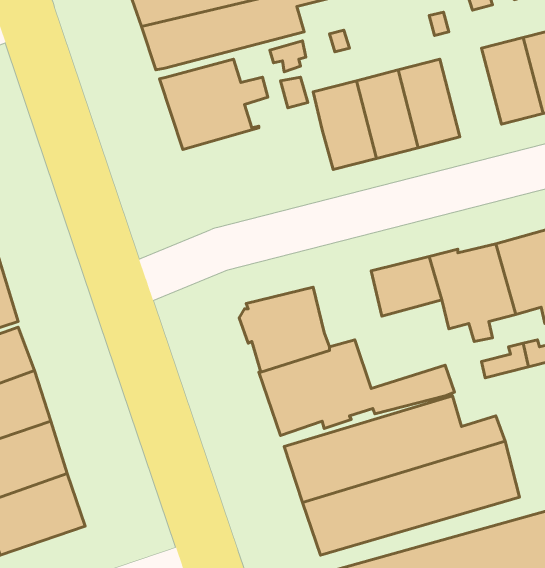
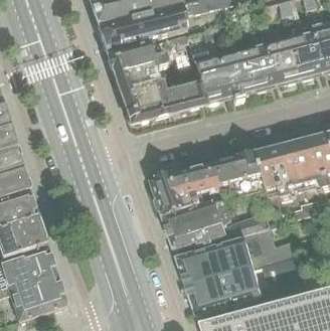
building: none -> [264,35,298,85]
building: none -> [121,79,204,120]
building: none -> [193,159,231,193]

